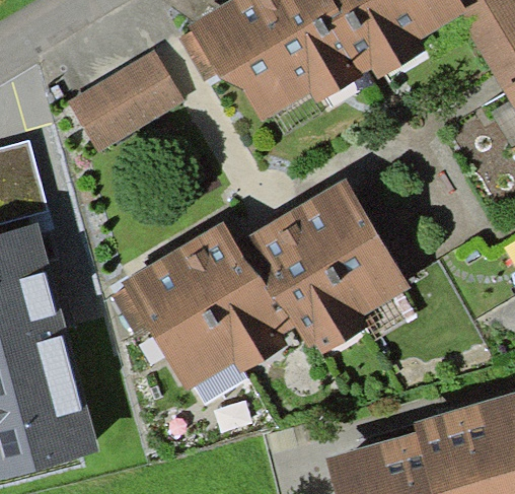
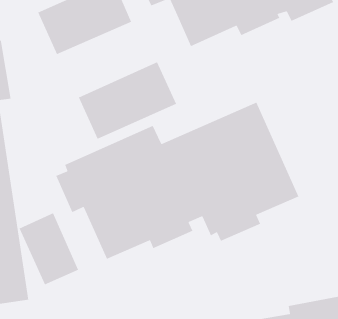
building: none -> [78,61,177,140]
building: none -> [19,212,79,286]

